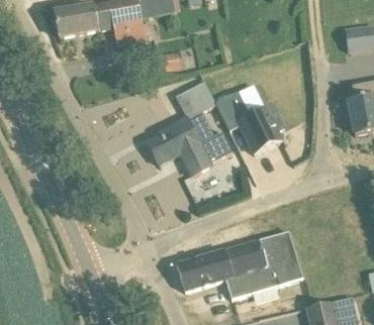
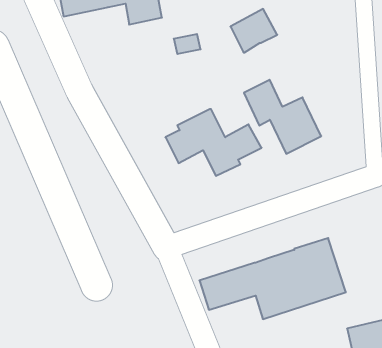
building: [175,81,215,118] -> [230,9,277,52]

